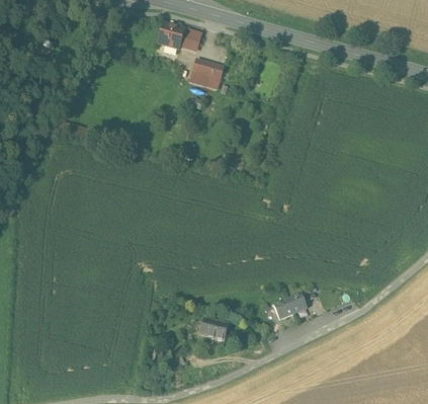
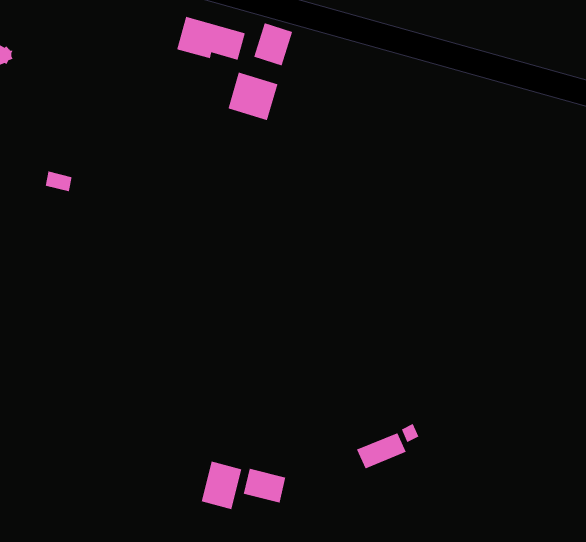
building: none -> [253,22,293,67]
building: none -> [201,461,242,510]

